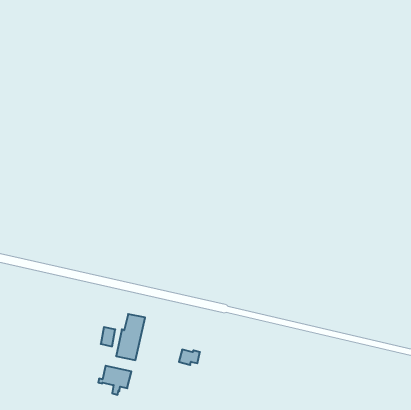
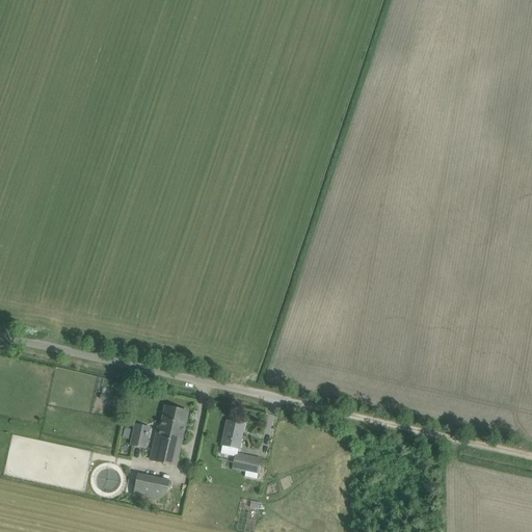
building: none -> [221,419,243,448]

